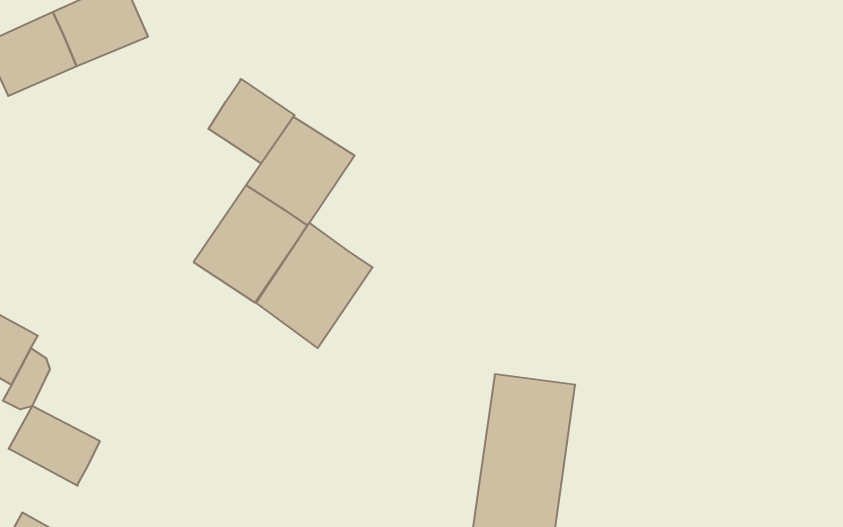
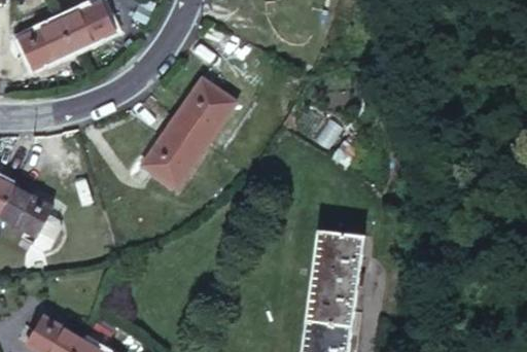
building: [208,79,295,163] -> none
building: [256,223,373,348] -> none
building: [9,406,100,486] -> none

